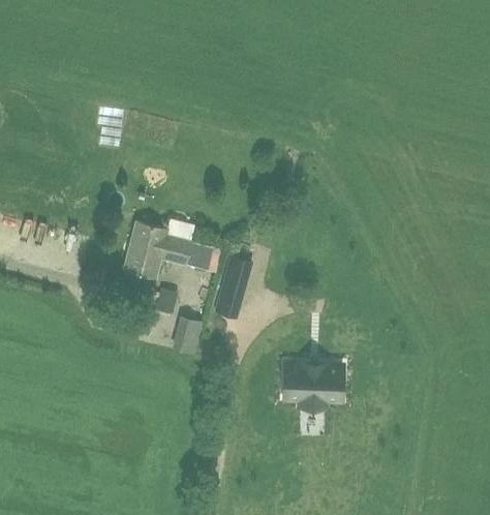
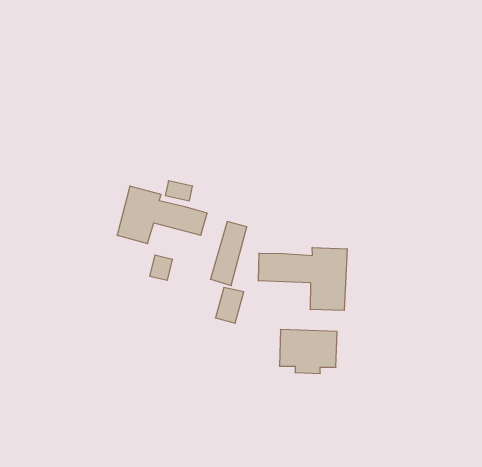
building: none -> [258,247,347,310]
building: [174,317,202,353] -> [215,288,244,323]

